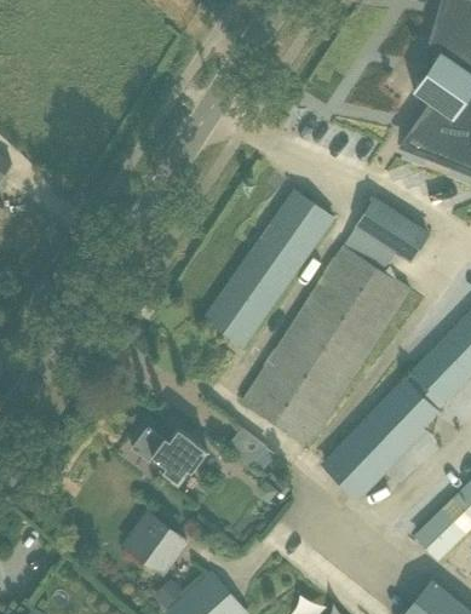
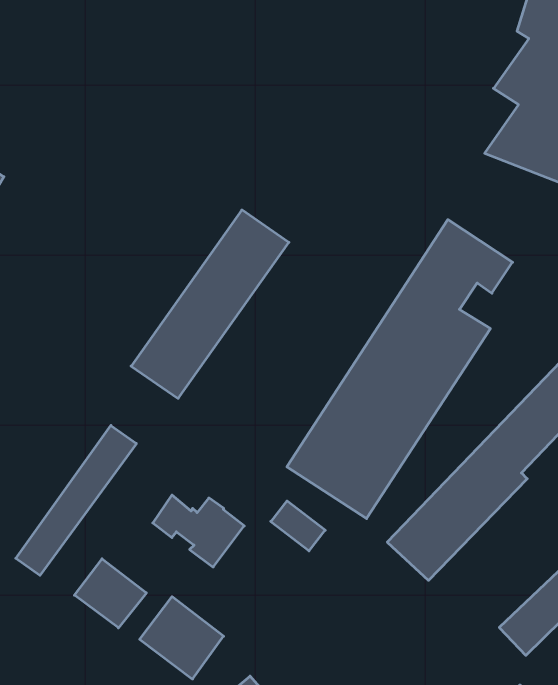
building: [203,191,333,346] -> [131,210,289,398]
building: none -> [16,425,136,575]
building: none -> [74,559,146,628]

